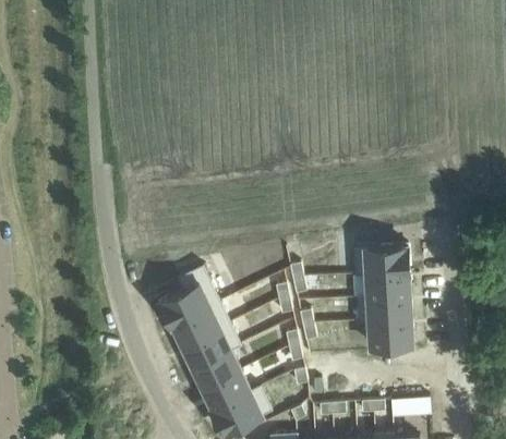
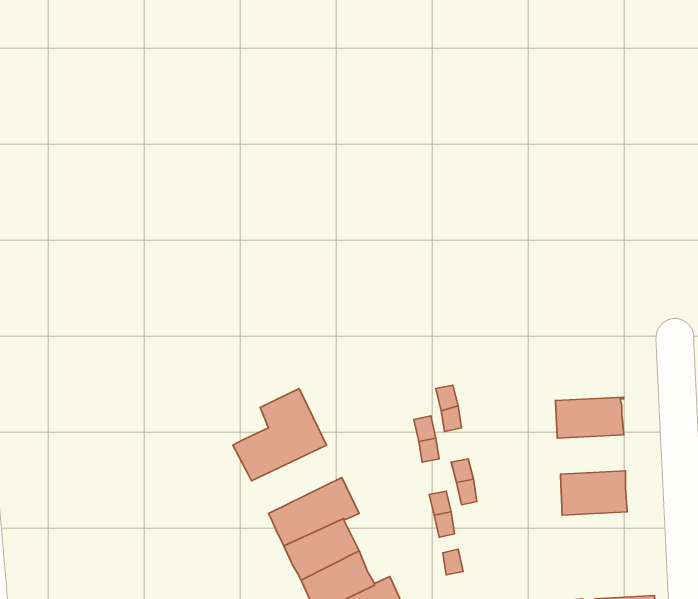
building: [353,247,409,278] -> none
building: [357,297,410,325] -> none
building: [171,304,229,347] -> none

